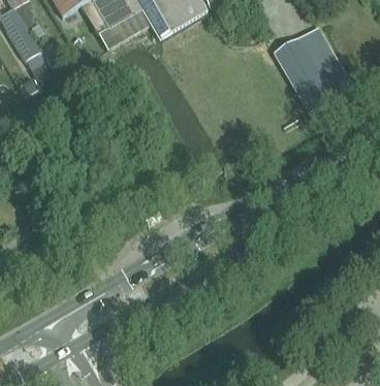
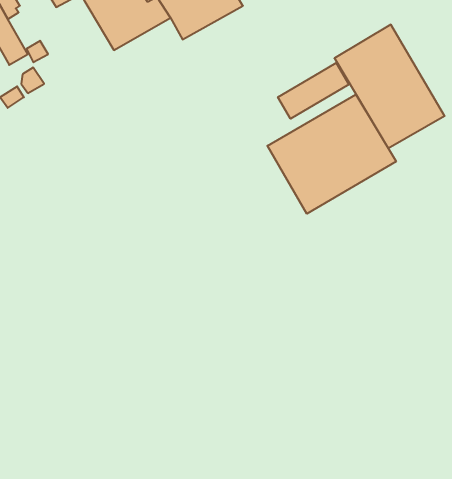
building: none -> [278,63,349,119]
building: none -> [267,95,396,214]

